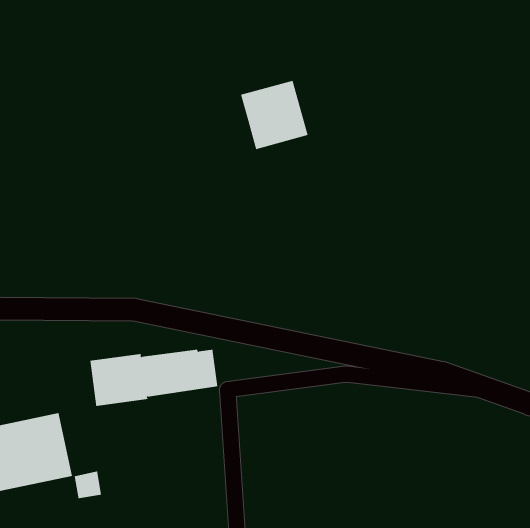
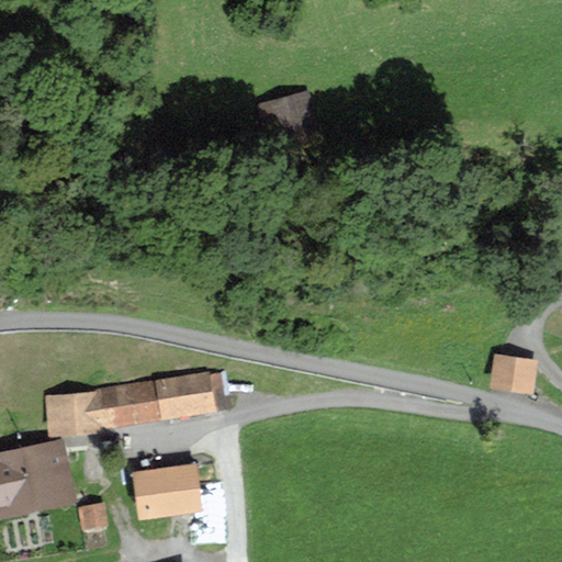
building: none -> [488,352,537,393]
building: none -> [41,384,101,440]
building: none -> [128,462,201,522]

